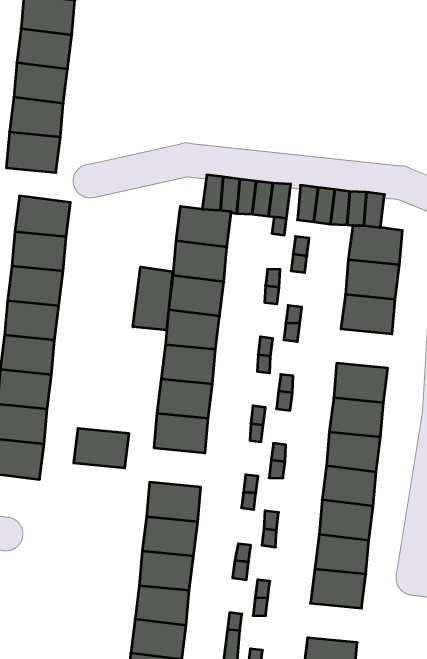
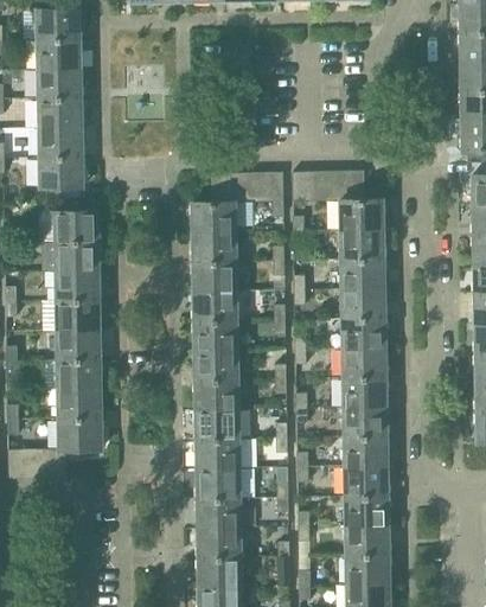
building: [133,267,173,330] -> none
building: none -> [341,288,385,319]
building: [74,428,129,468] -> [196,409,239,440]
building: none -> [345,524,389,555]

